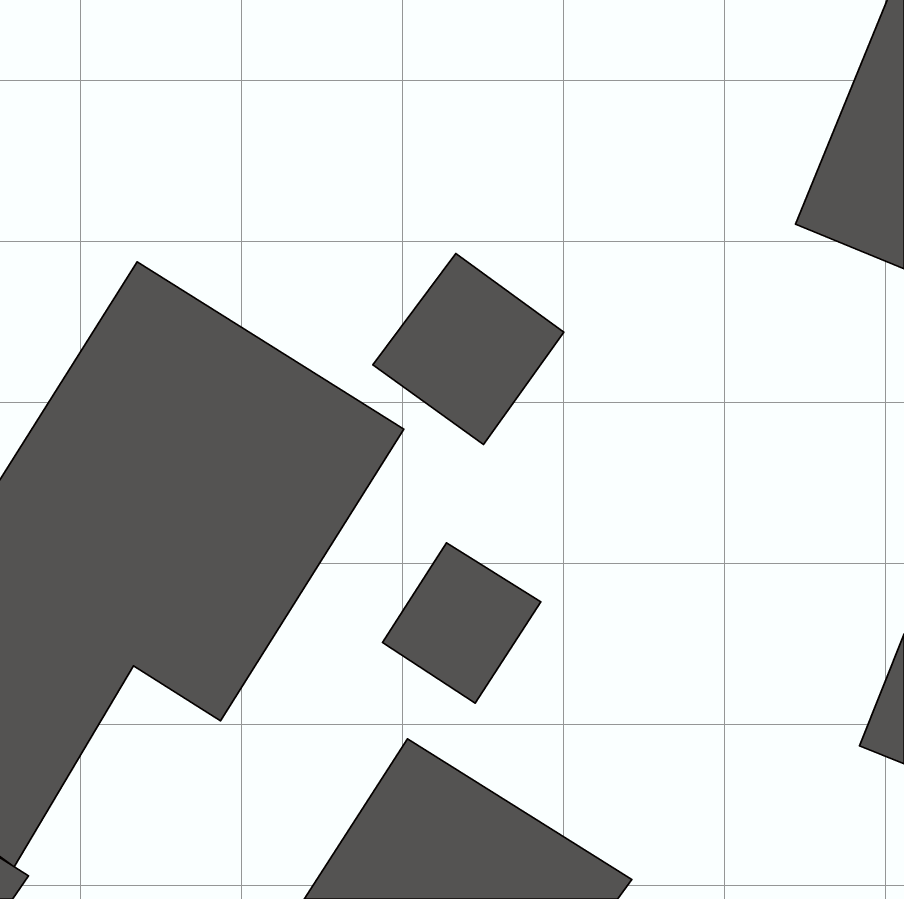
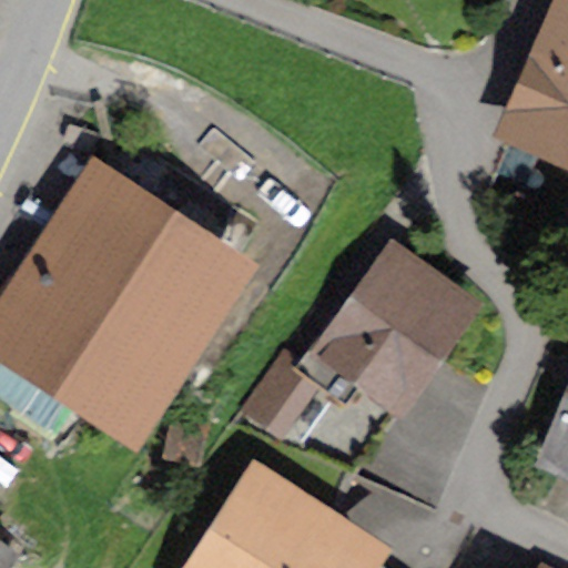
building: [373,253,564,444] -> none
building: none -> [320,246,479,410]

